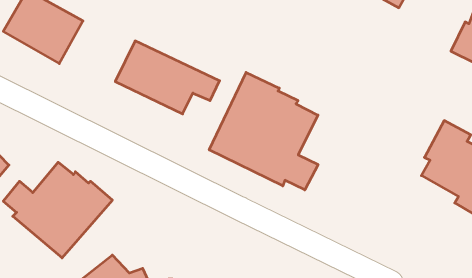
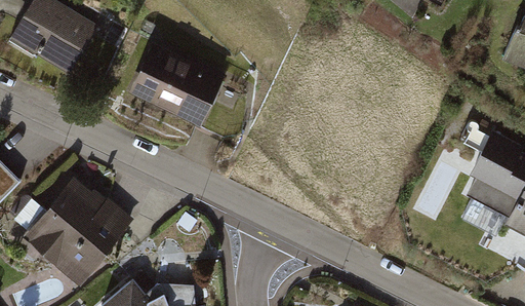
building: [209,72,318,190] -> none

